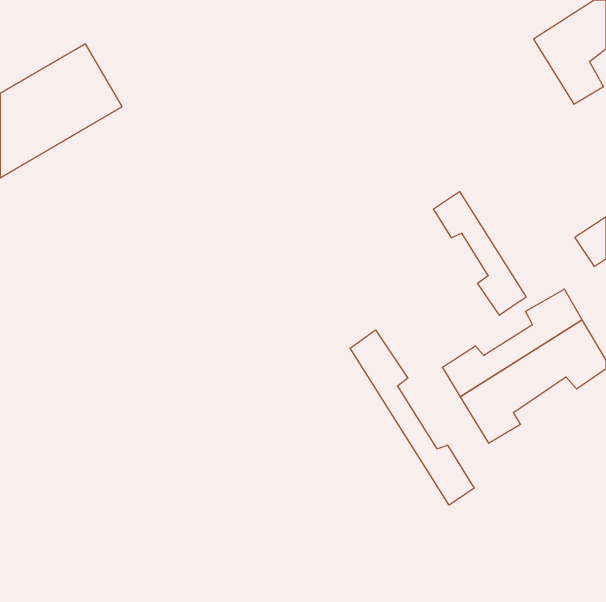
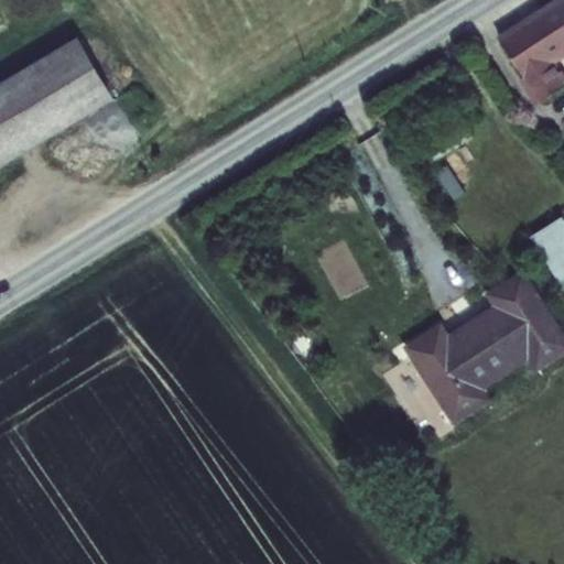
building: [433,192,526,315] -> none
building: [350,330,474,505] -> none

